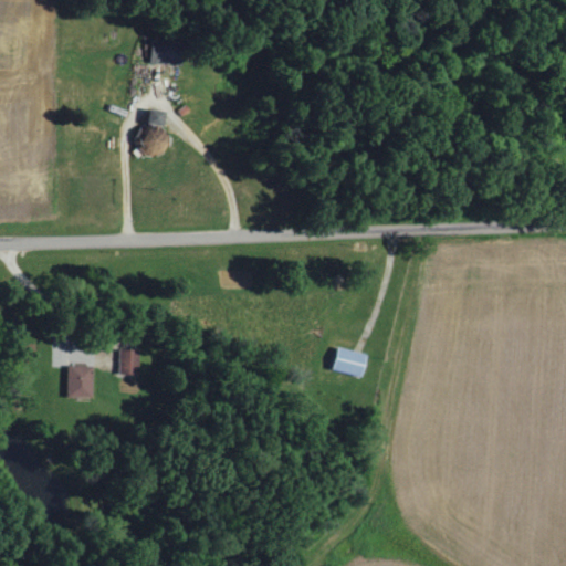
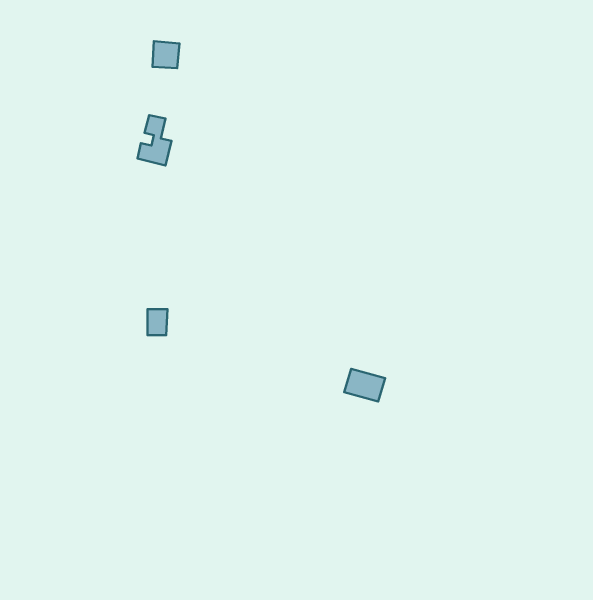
building: [119,350,138,375] -> [147,309,167,335]
building: [66,366,93,394] -> none

